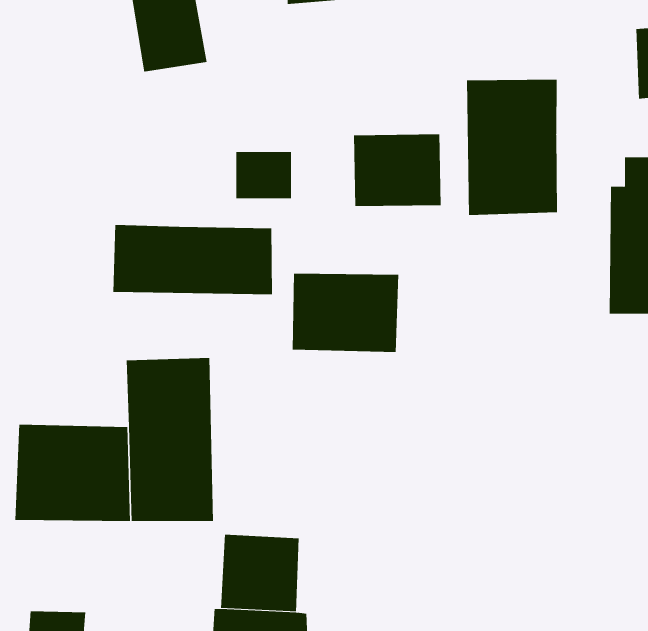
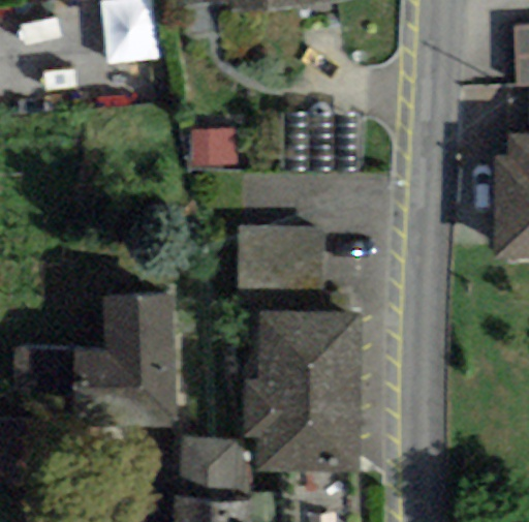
building: [467,79,558,216] -> none
building: [113,224,273,295] -> none
building: none -> [243,310,360,471]

